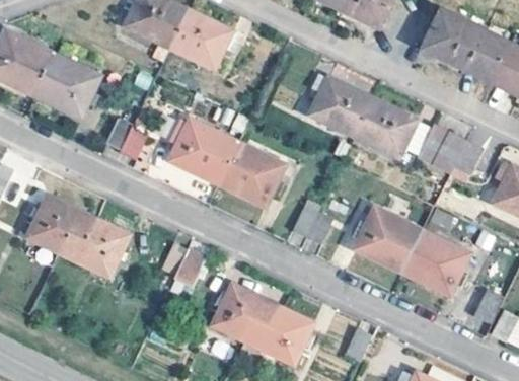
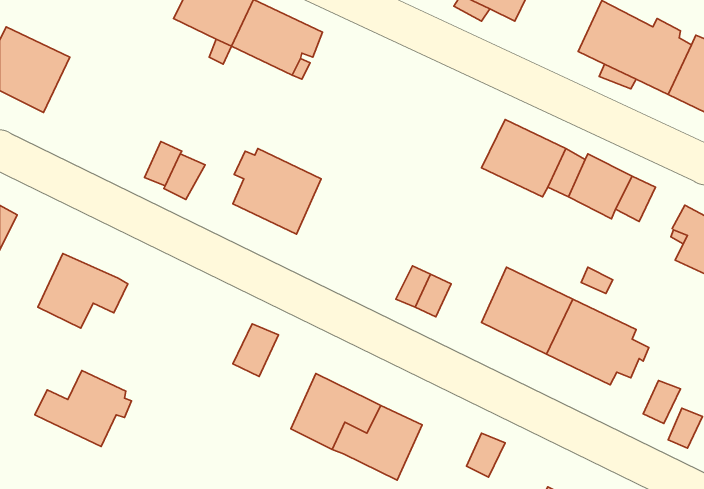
building: [32,53,98,117] -> none
building: [311,74,371,134] -> none
building: [218,142,284,204] -> none
building: [60,219,131,275] -> [35,370,131,446]

